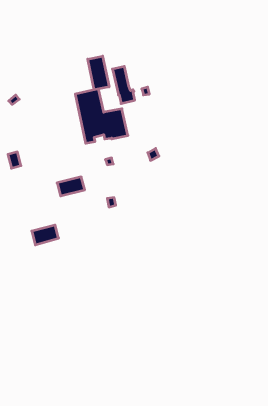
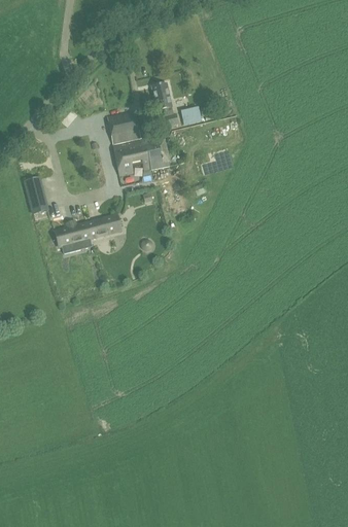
building: [88,56,109,90] -> none
building: [32,225,59,245] -> [59,223,91,247]

